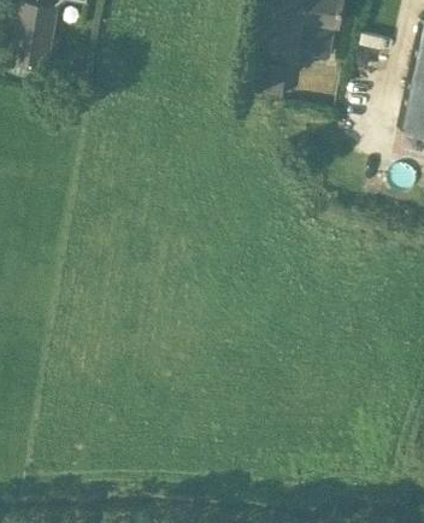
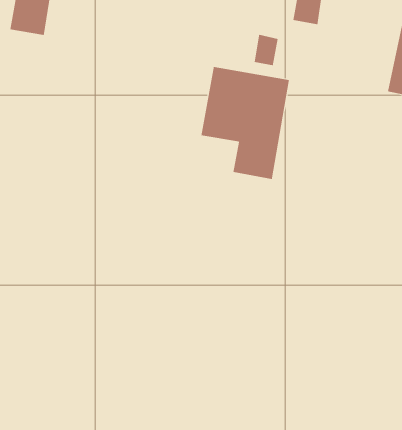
building: none -> [201,66,290,180]

